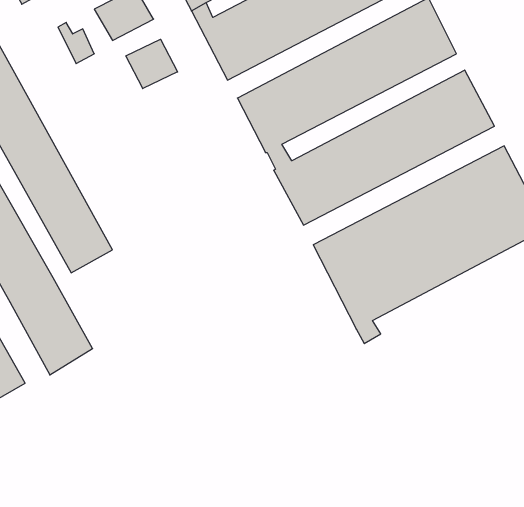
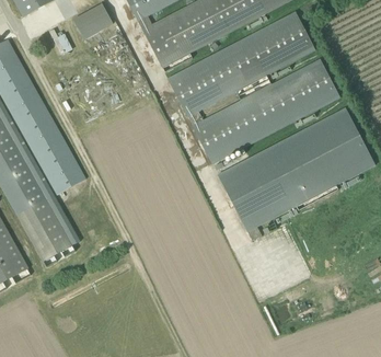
building: [126,39,178,89] -> none

